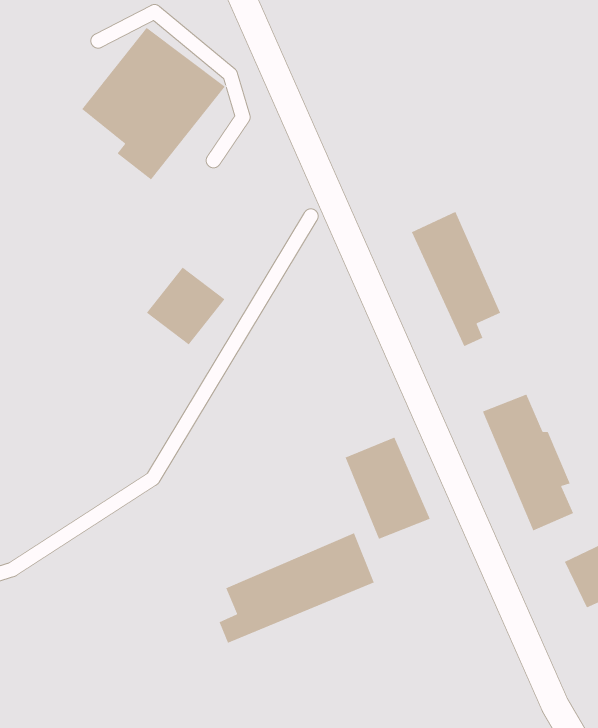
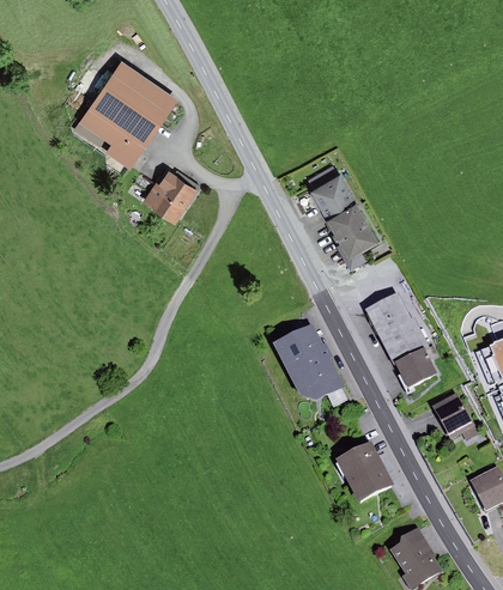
building: [146,267,225,345] -> [143,166,196,220]
building: [218,532,375,644] -> none
building: none -> [335,445,390,504]

